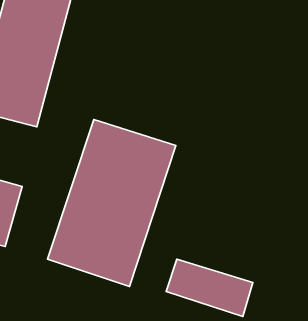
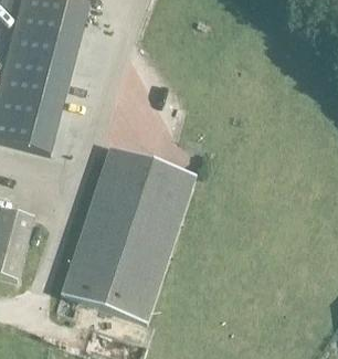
building: [166,259,253,317] -> none

